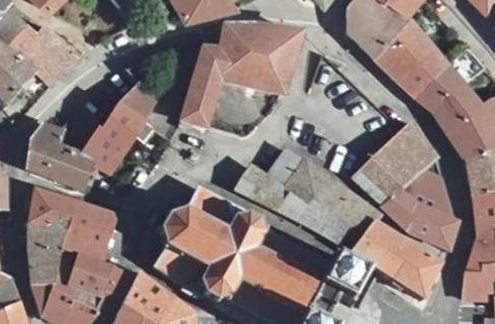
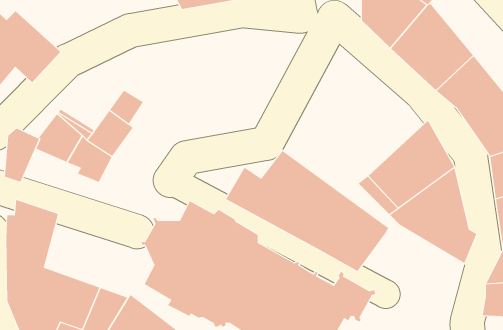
building: [177,29,298,133] -> none
building: [41,146,95,192] -> none
building: [64,205,116,261] -> none
building: [346,223,434,300] -> none

